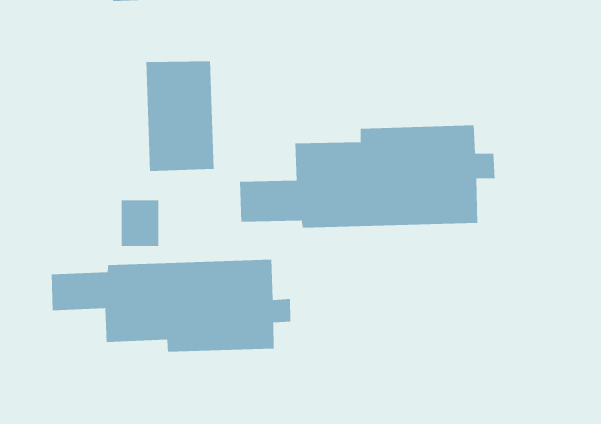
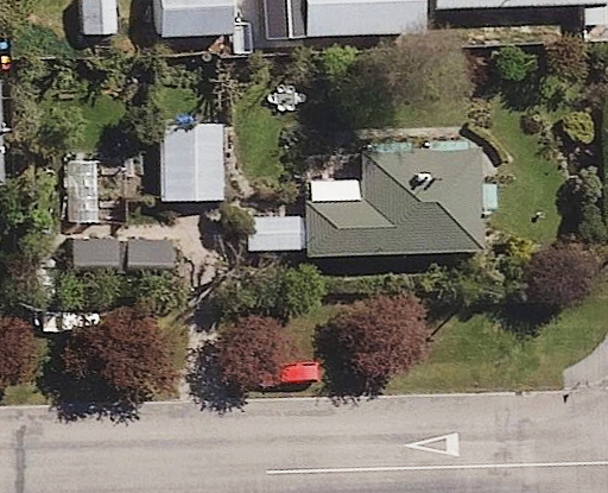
building: [51,259,291,353] -> none

